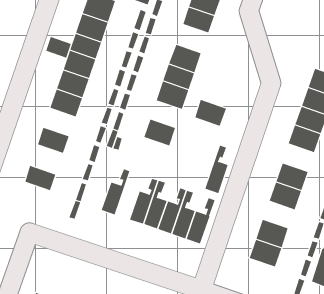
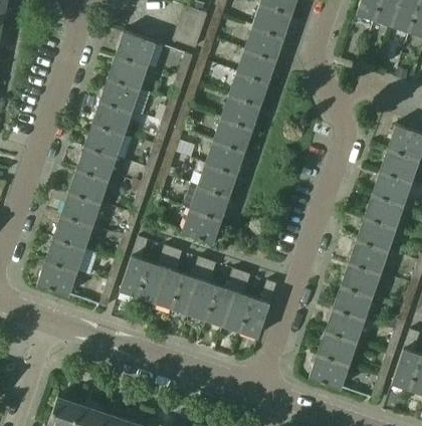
building: none -> [228,72,268,108]
building: [45,36,72,58] -> none
building: [194,99,227,127] -> [197,165,236,198]
building: none -> [67,174,108,208]
building: none -> [181,209,221,244]
building: none -> [357,217,396,251]
building: none -> [51,218,92,254]
building: [205,145,229,194] -> [155,250,184,309]
building: none -> [120,238,150,297]
building: none -> [37,263,76,296]
building: none -> [333,286,373,320]
building: none -> [308,356,349,389]

